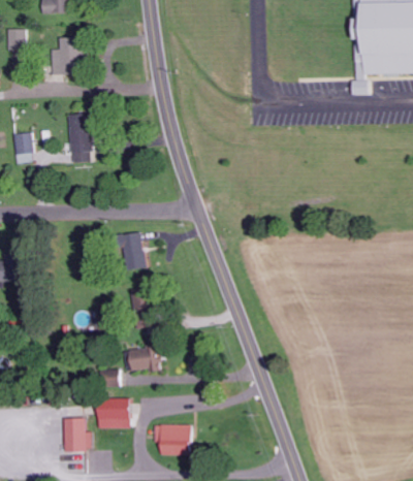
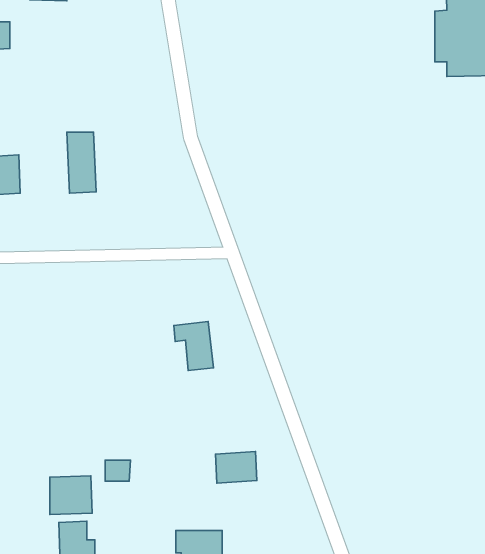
building: [50,35,78,73] -> none
building: [114,232,145,270] -> [174,322,214,371]
building: [128,346,160,371] -> [215,451,257,483]
building: [96,398,129,428] -> [50,476,92,514]

